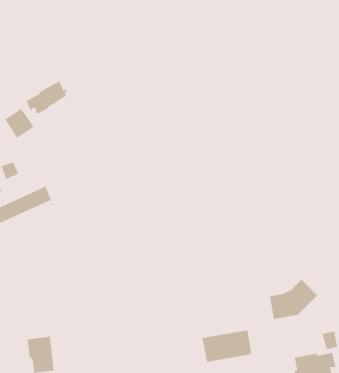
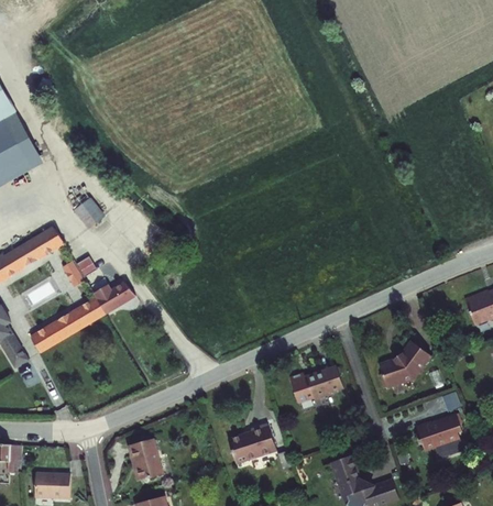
building: [26,81,68,115] -> none
building: [201,330,252,362] -> [288,363,344,404]
building: none -> [229,424,277,462]

